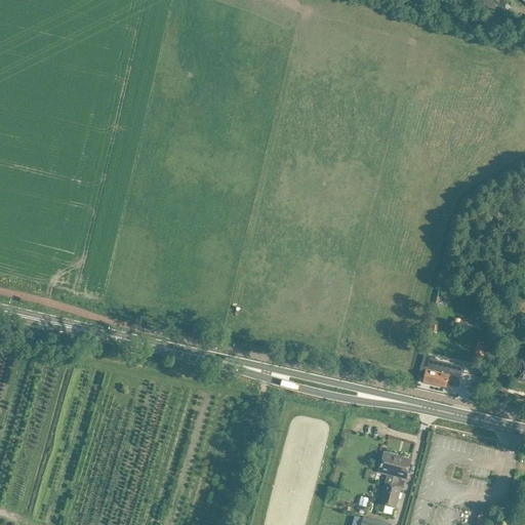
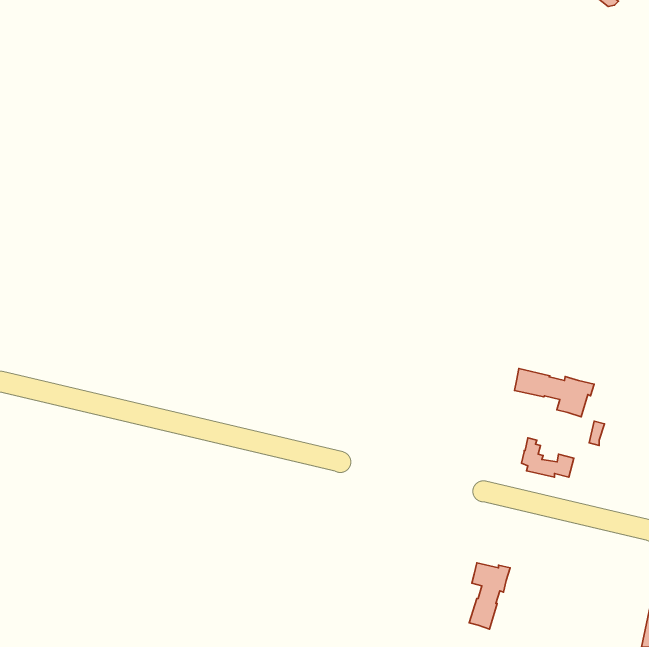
building: none -> [514,369,594,417]

